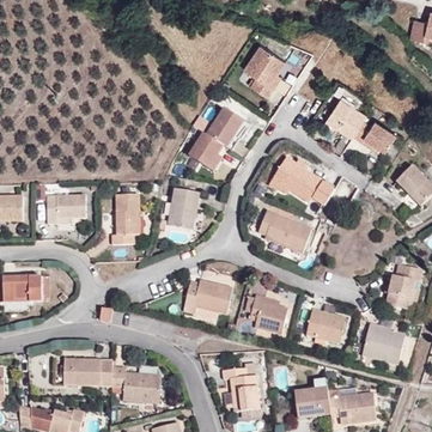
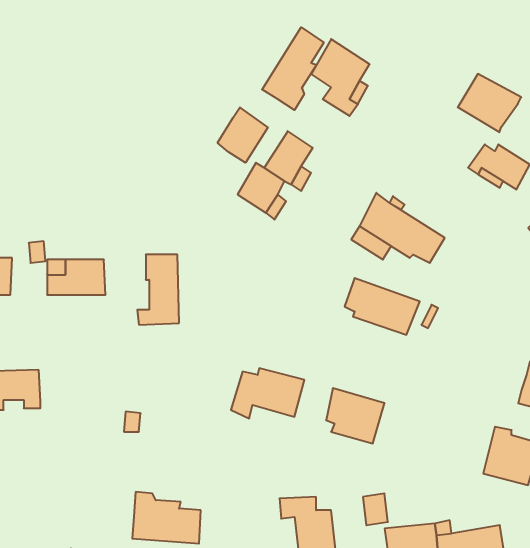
building: none -> [262,27,324,110]
building: none -> [218,107,268,163]
building: [321,93,366,135] -> [458,74,521,132]
building: [174,185,202,224] -> none
building: [304,303,347,341] -> none
building: [56,354,115,387] -> none

